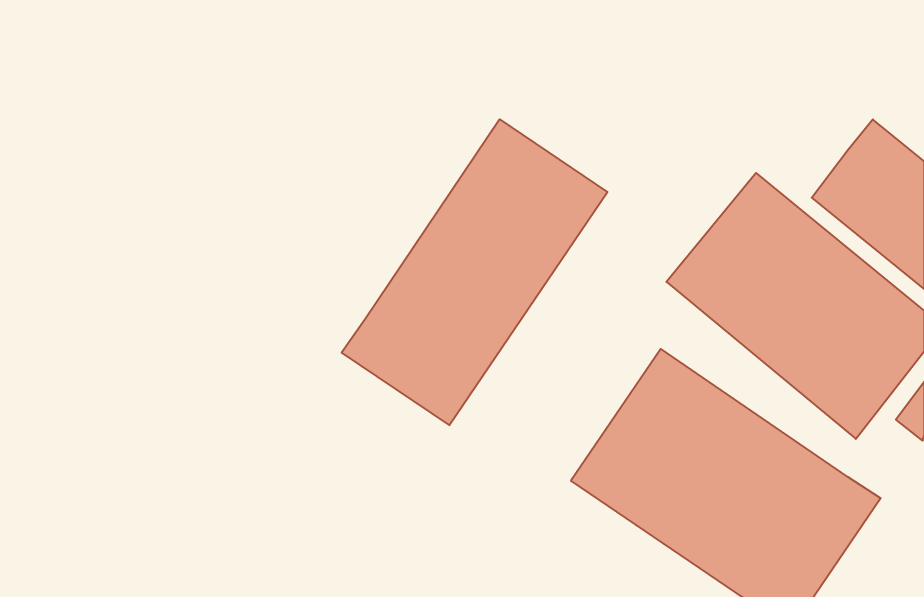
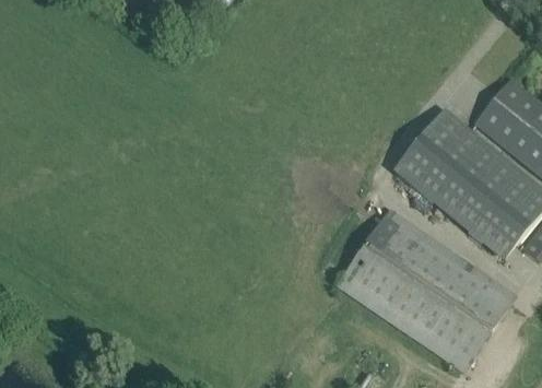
building: [342,119,607,425] -> none

